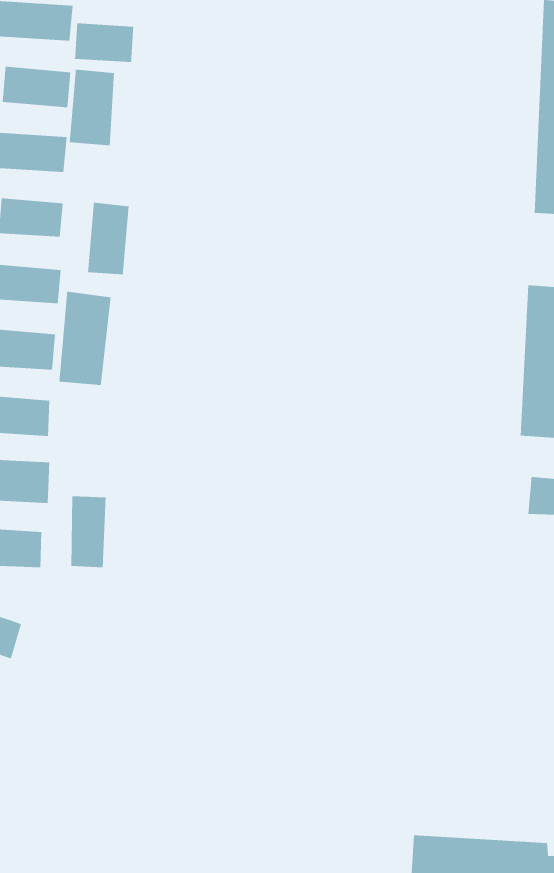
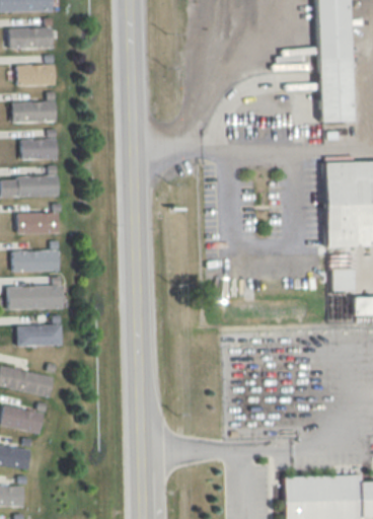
building: [74,22,134,63] -> none
building: [69,69,115,146] -> none
building: [87,202,129,275] -> none
building: [59,291,111,386] -> none
building: [71,495,106,568] -> none

